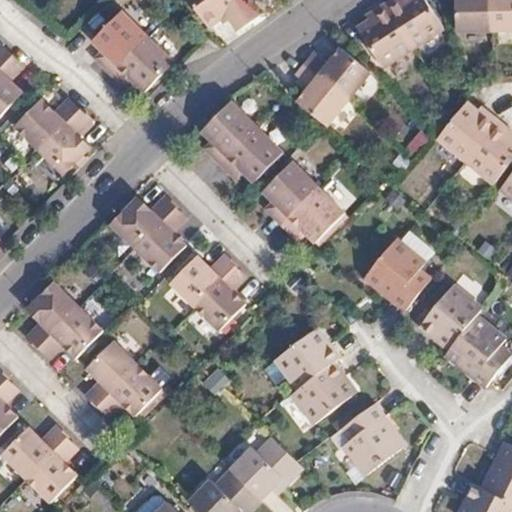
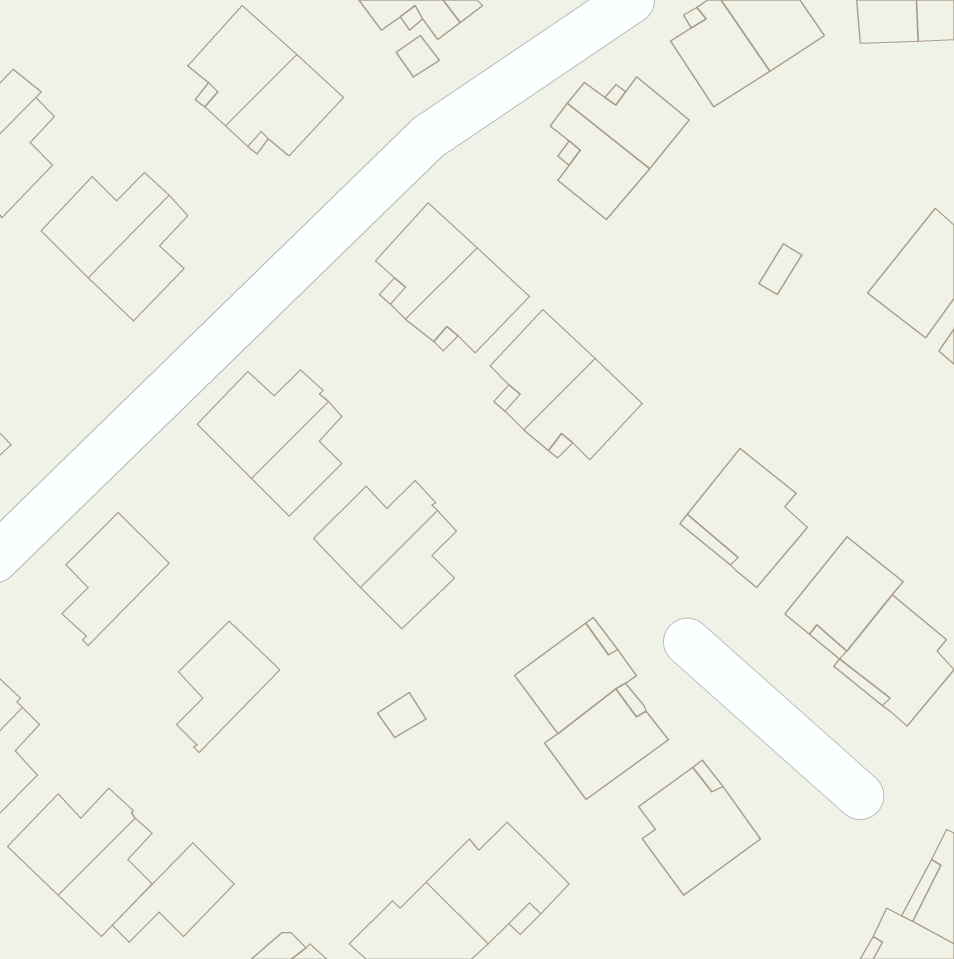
building: [435,93,498,156] -> none
building: [47,300,110,352] -> none
building: [106,357,171,410] -> [112,843,234,942]

